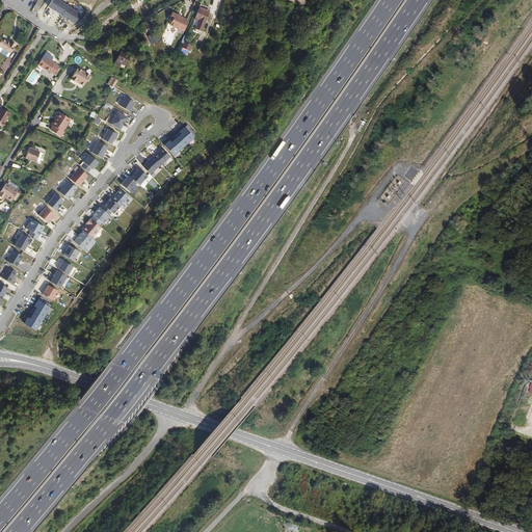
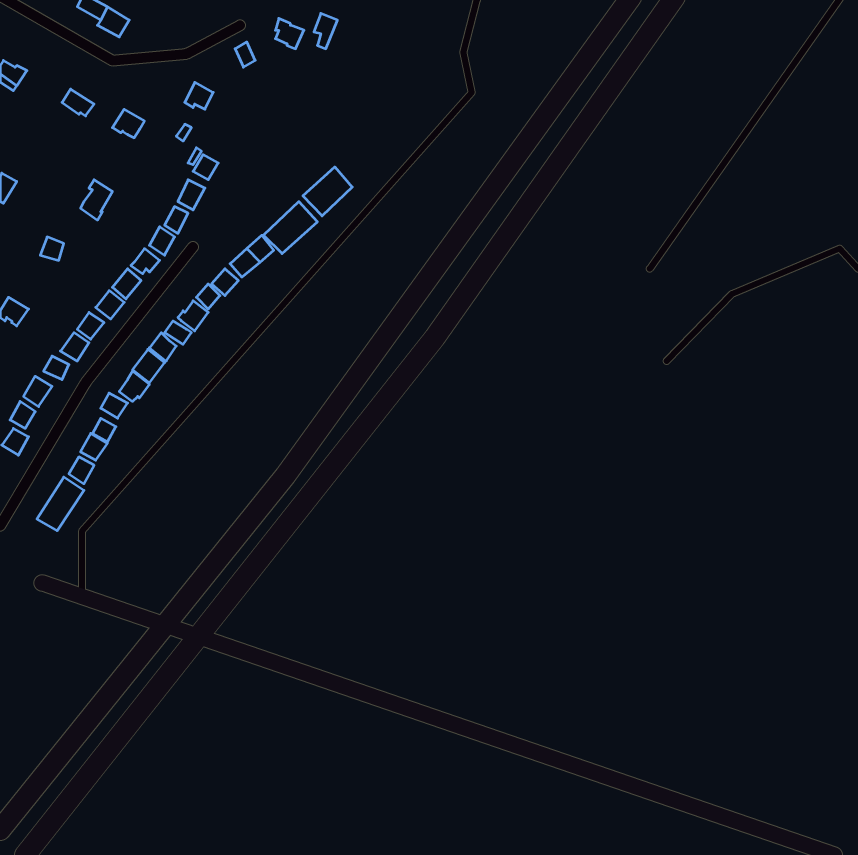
building: none -> [303,167,352,216]

